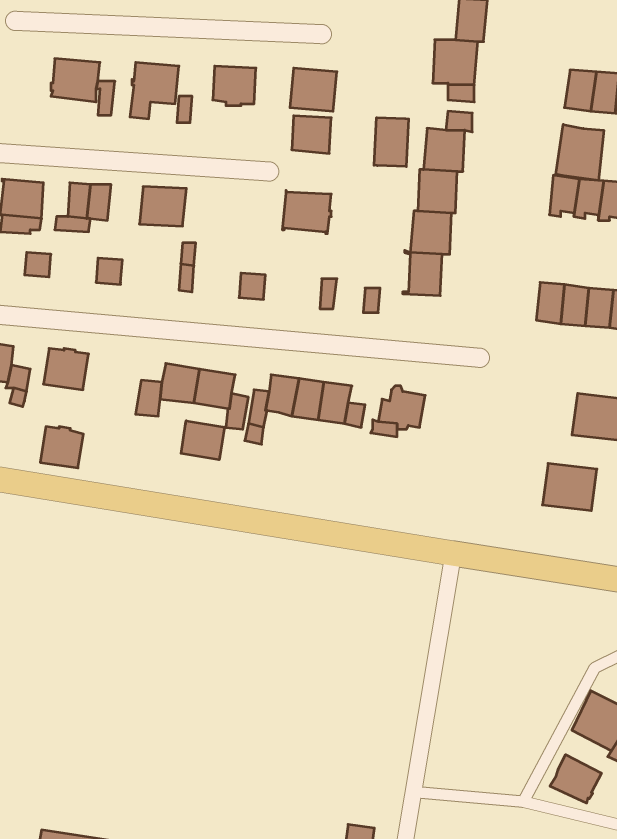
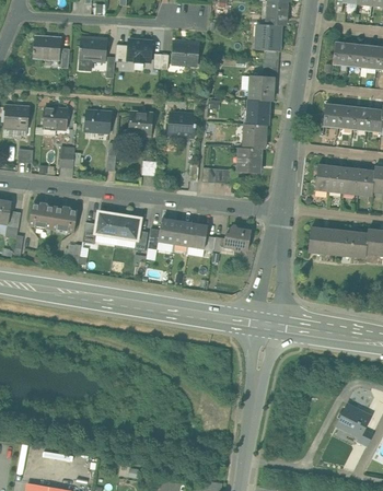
building: [292,116,331,153] -> [129,112,152,133]
building: [374,118,409,167] -> none
building: [556,124,604,180] -> none
building: [181,421,224,460] -> none
building: [40,427,83,468] -> [51,207,77,231]
building: [542,463,597,511] -> [307,226,339,254]
building: [550,755,601,803] -> none

